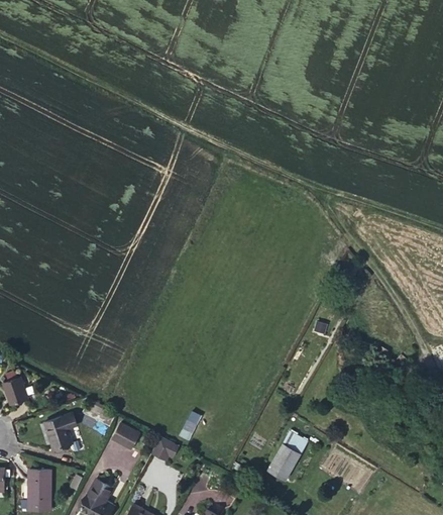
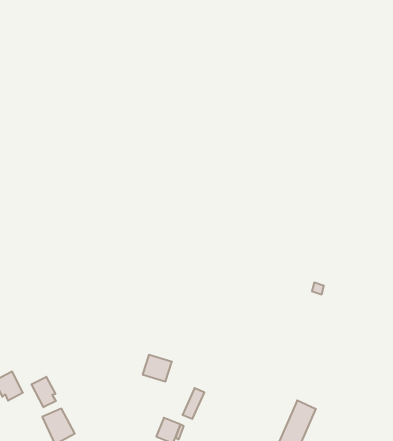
building: none -> [31,377,56,407]
building: [112,422,141,449] -> [143,355,172,381]

